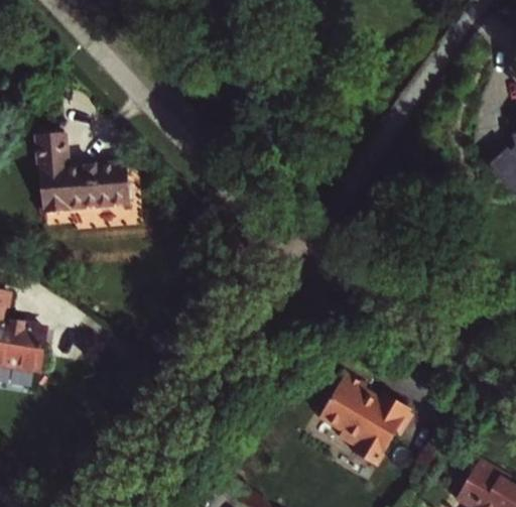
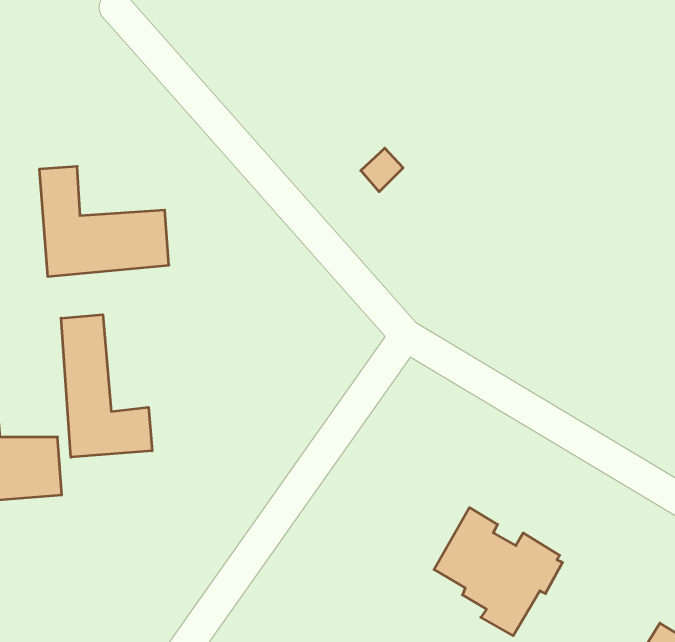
building: none -> [61,315,152,457]

